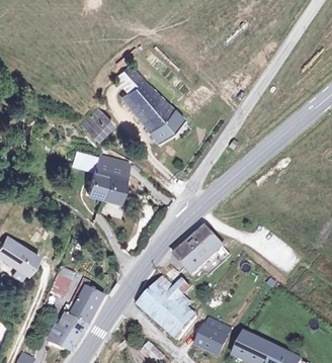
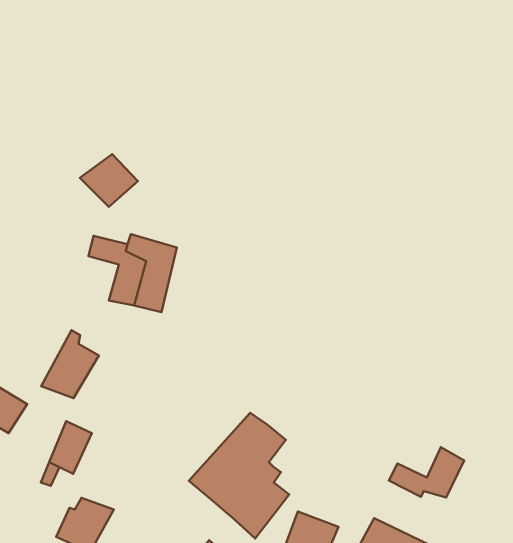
building: [116,63,182,143] -> none
building: [174,225,224,273] -> none
building: [71,279,105,320] -> [41,330,99,398]
building: none -> [389,447,464,497]

